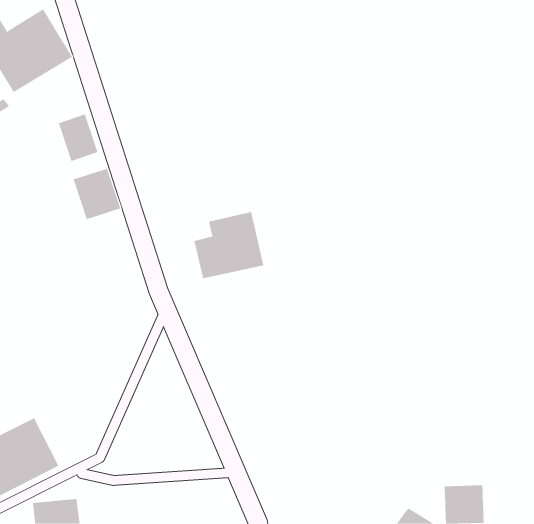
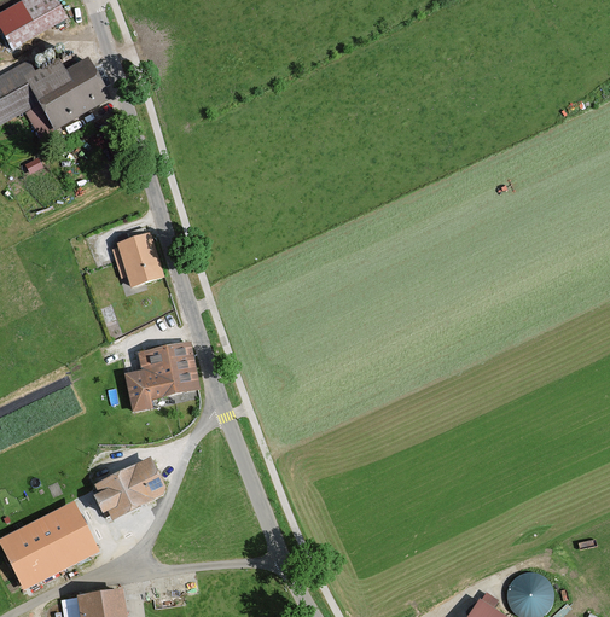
building: [58,113,98,162] -> none
building: [193,212,264,279] -> [122,339,198,412]
building: none -> [87,452,165,522]

